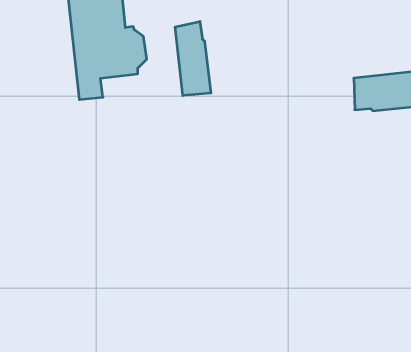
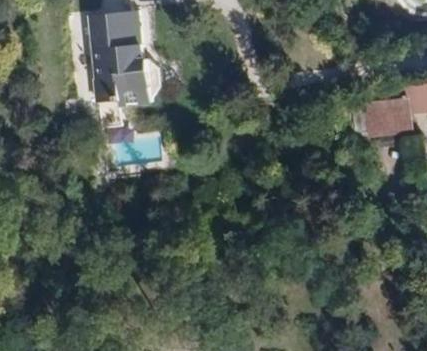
building: [175,21,211,96] -> none

